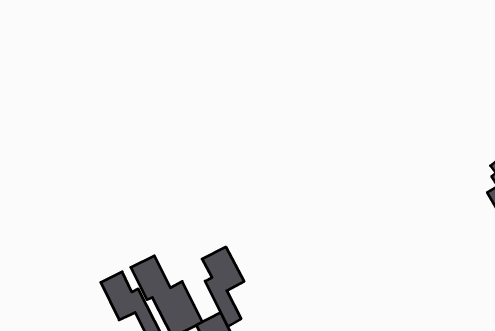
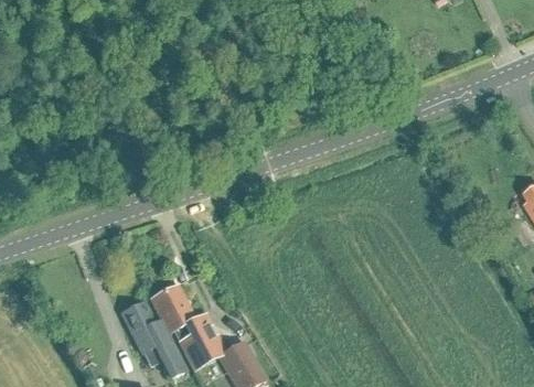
building: [202,247,244,327] -> none

